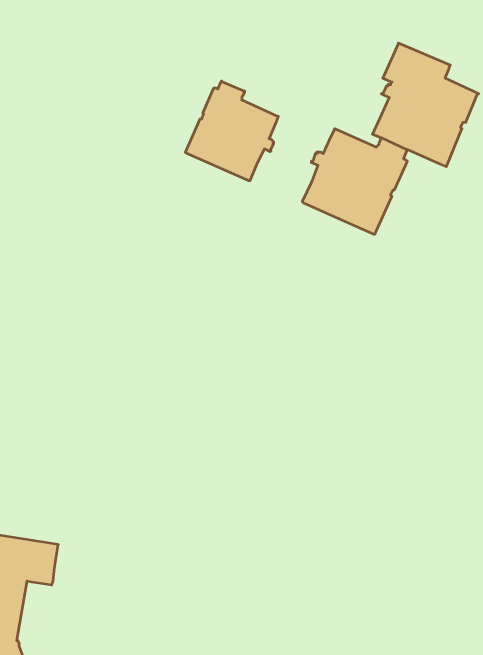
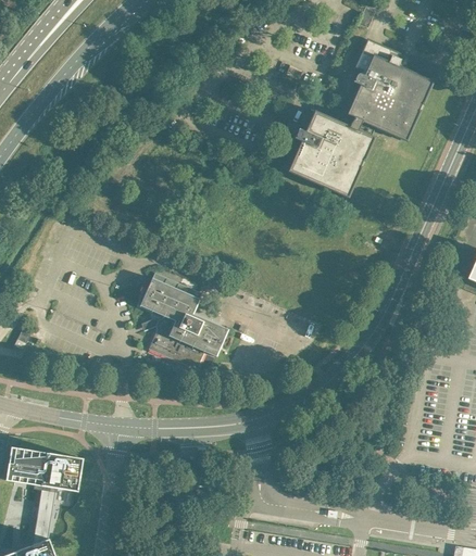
building: [185,81,278,181] -> none
building: none -> [140,271,229,368]

